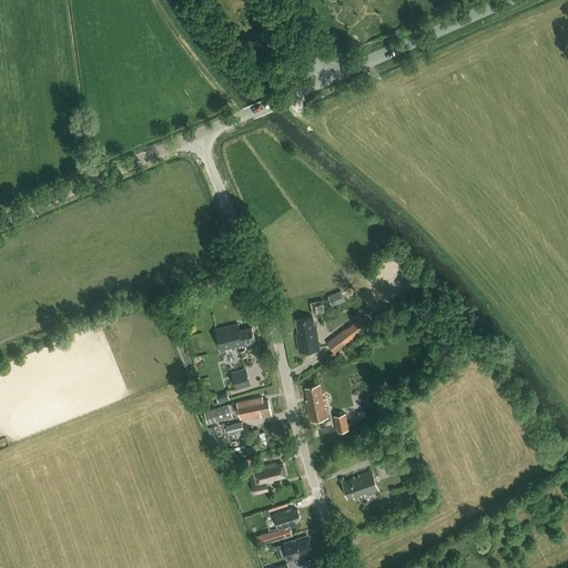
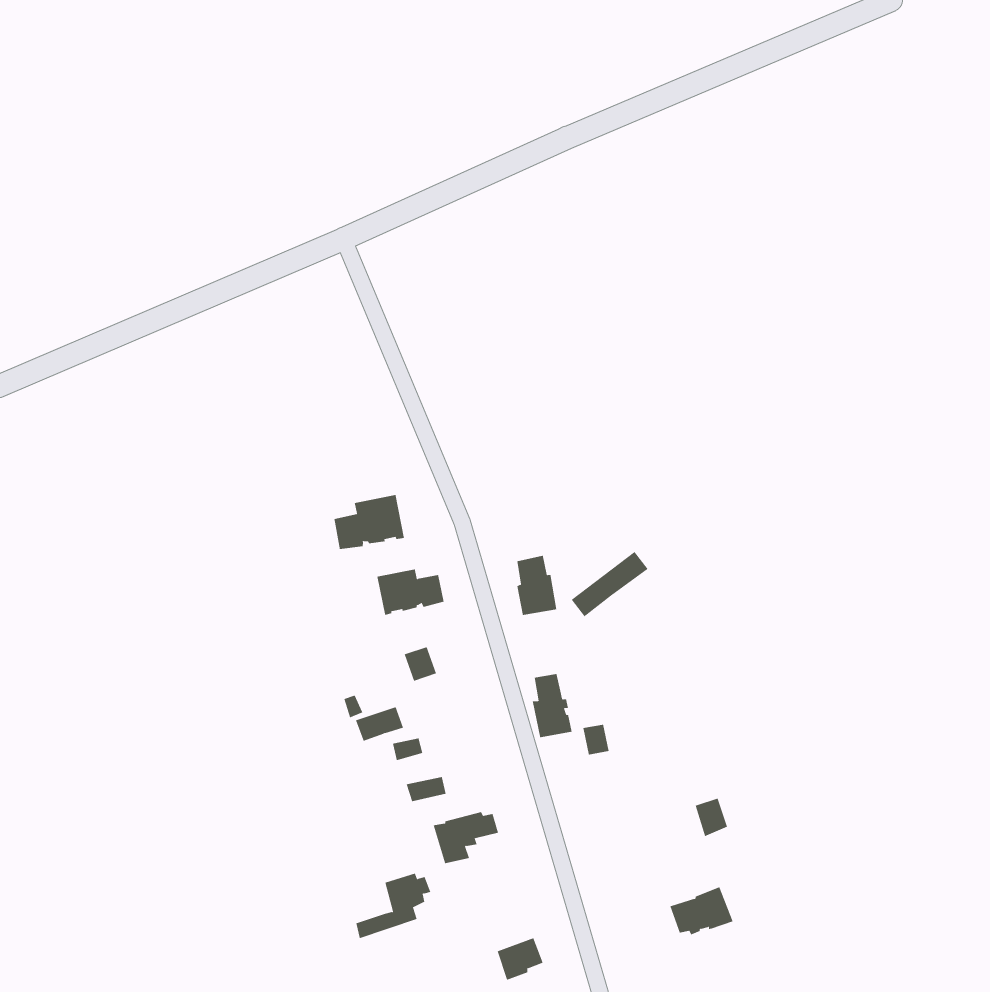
building: none -> [334,494,405,550]
building: [235,397,271,418] -> none
building: [342,470,378,498] -> [669,887,734,935]
building: [256,508,300,546] -> [355,873,431,939]

